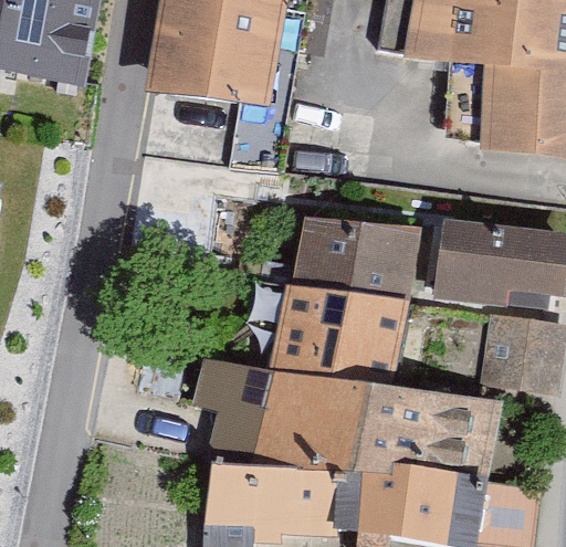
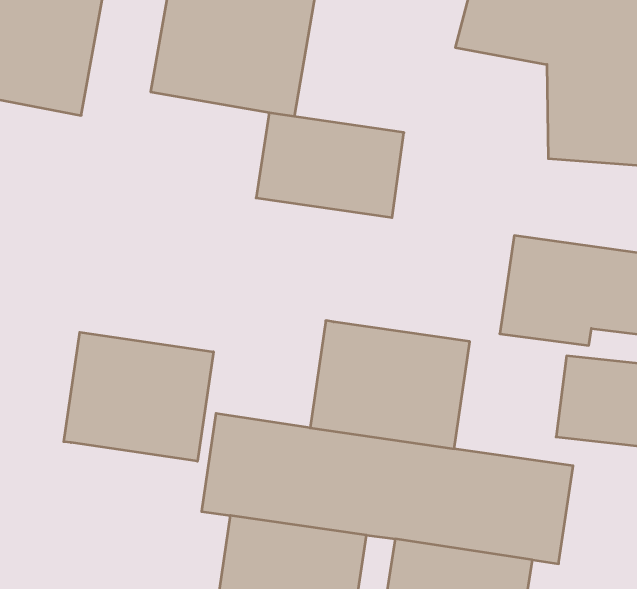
building: [295,213,420,302] -> [256,113,404,218]
building: none -> [64,332,213,461]

